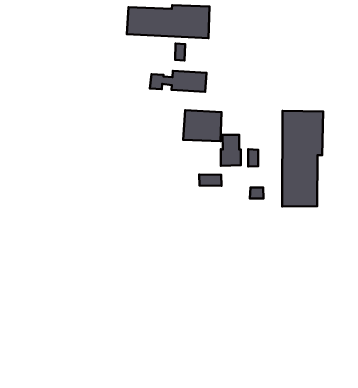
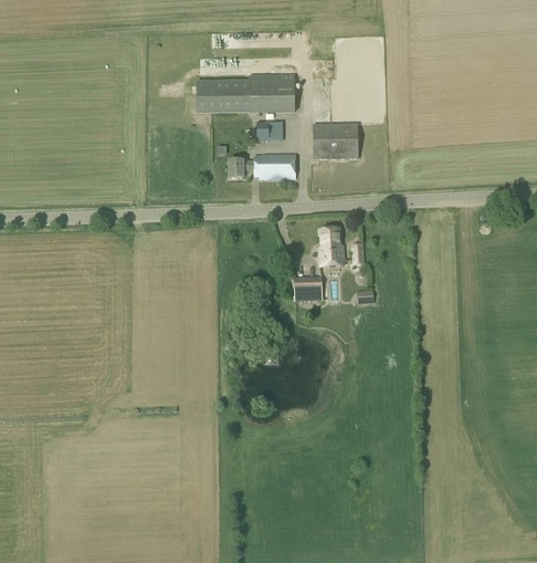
building: [183,110,221,141] -> [314,123,359,159]
building: [282,111,323,206] -> none

